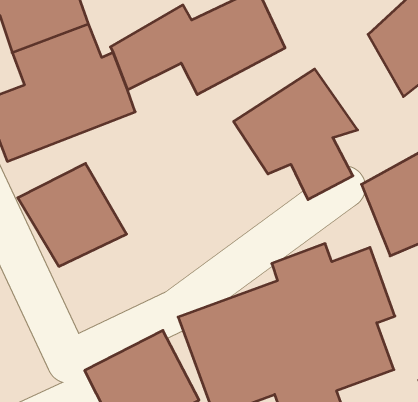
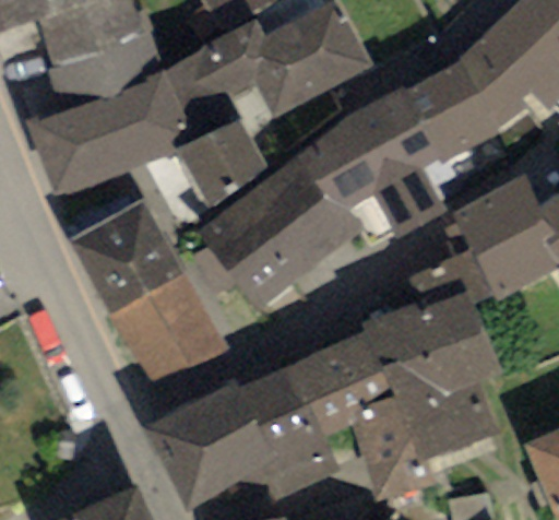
building: none -> [405,62,499,159]
building: none -> [177,122,261,210]
building: none -> [198,150,362,314]
building: none -> [112,279,233,403]

